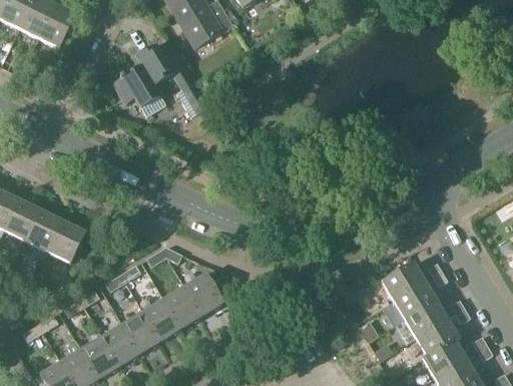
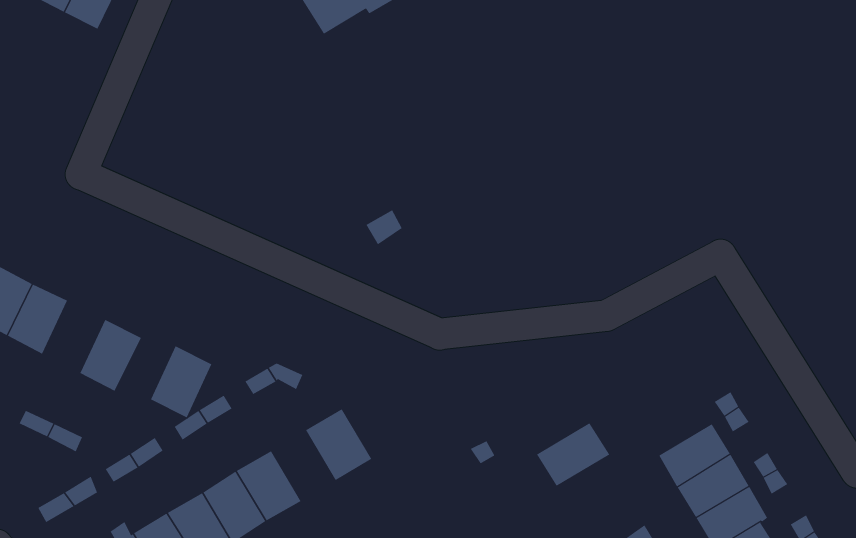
building: [114,47,206,117] -> none
building: [27,209,64,252] -> [150,346,212,418]
building: [382,263,426,301] -> [536,423,610,487]
building: [163,286,201,328] -> none

